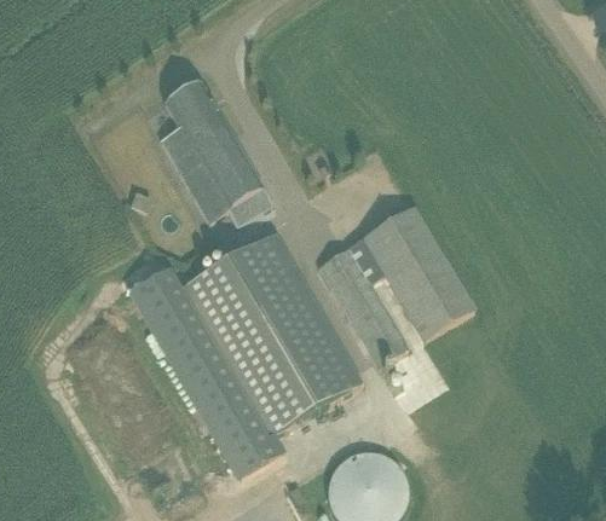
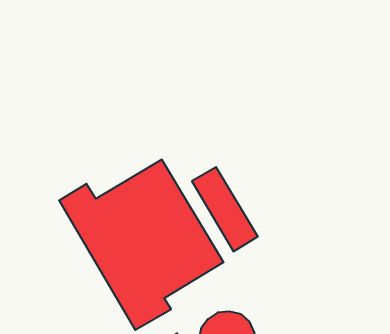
building: [163,79,272,224] -> none
building: [363,207,473,337] -> none

